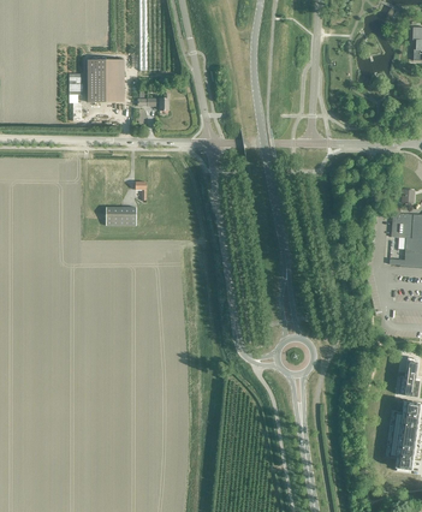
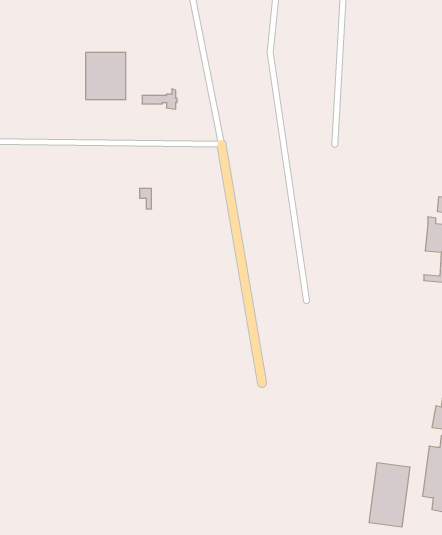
building: [106,207,137,226] -> none
building: none -> [369,463,410,527]

